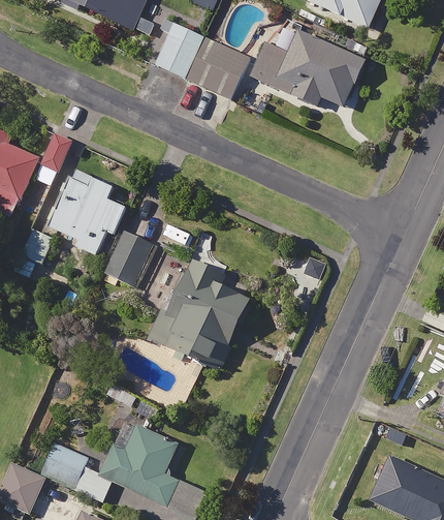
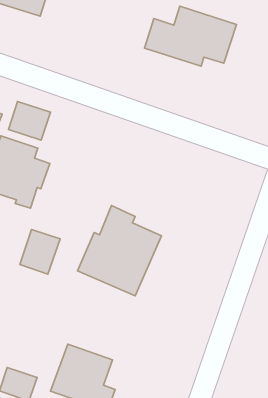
building: [154,20,251,97] -> none
building: none -> [8,101,50,140]
building: [106,233,157,287] -> [20,229,60,274]

